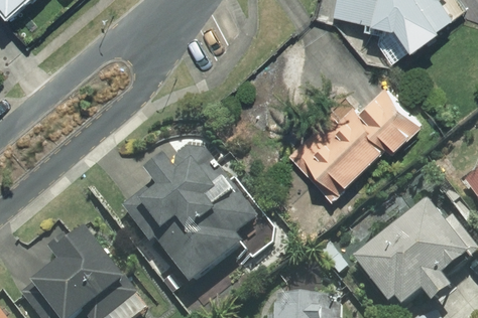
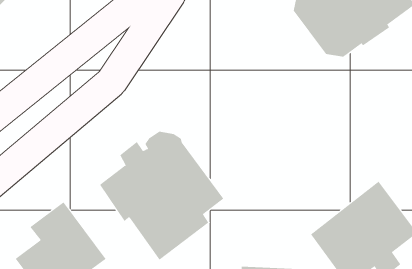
building: [289,88,420,194] -> none

